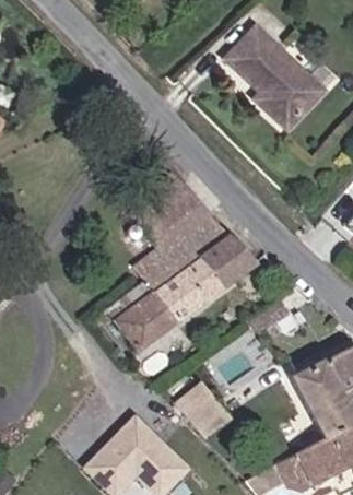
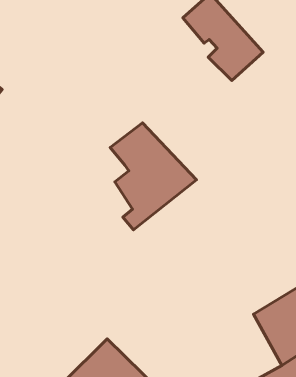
building: [121,233,254,346] -> none
building: [175,379,234,440] -> none

